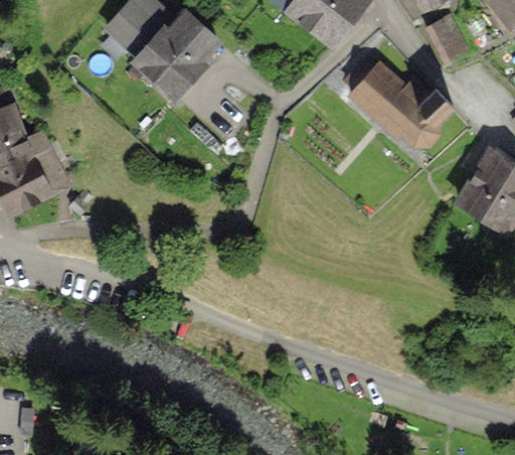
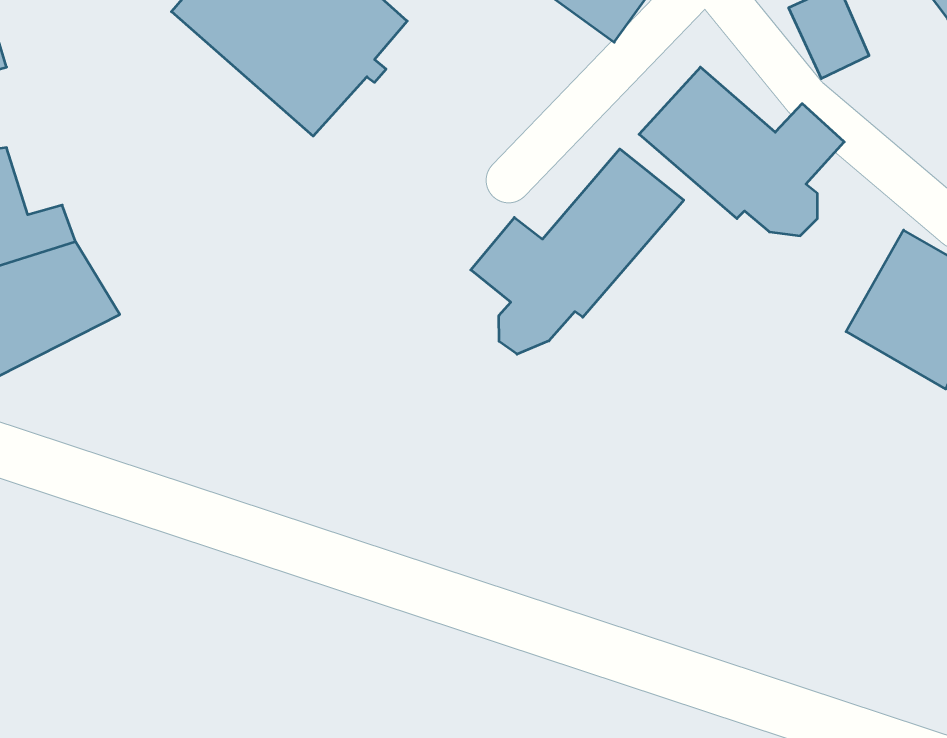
building: none -> [471,149,684,354]

